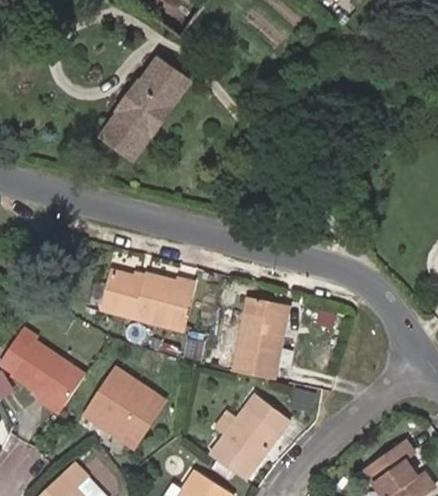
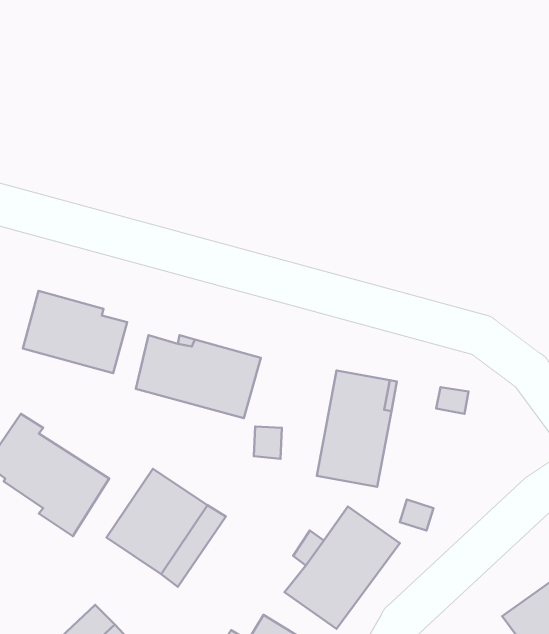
building: [104,63,187,157] -> none
building: none -> [23,291,127,373]

